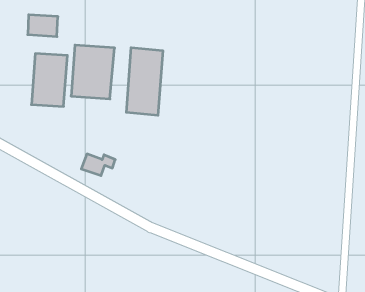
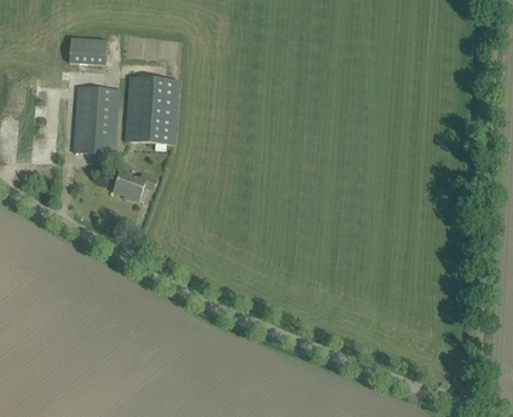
building: [126,48,163,115] -> none
building: [81,154,115,176] -> [113,172,156,199]

